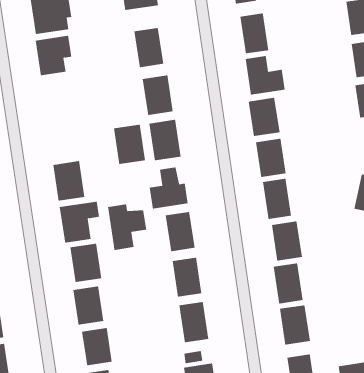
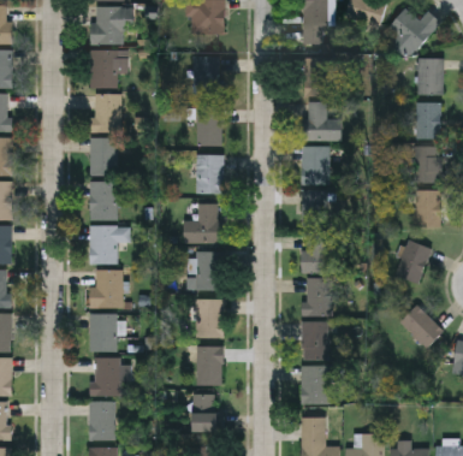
building: none -> [93,95,121,132]
building: [113,124,146,165] -> [89,138,118,177]
building: [107,204,147,251] -> none

